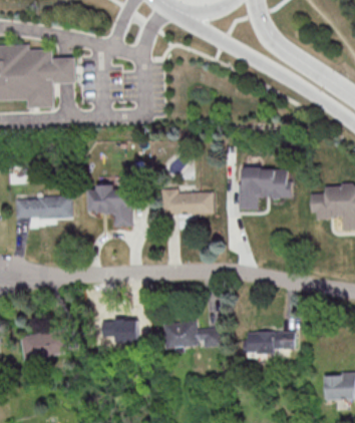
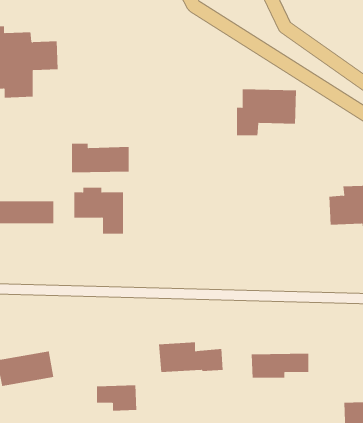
building: [238,167,291,208] -> [236,89,297,136]
building: [161,188,213,215] -> [71,143,130,173]
building: [102,320,138,343] -> [96,385,137,411]

